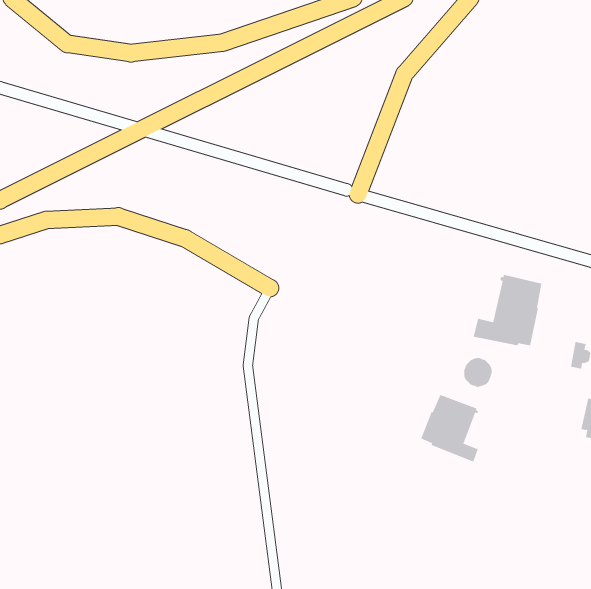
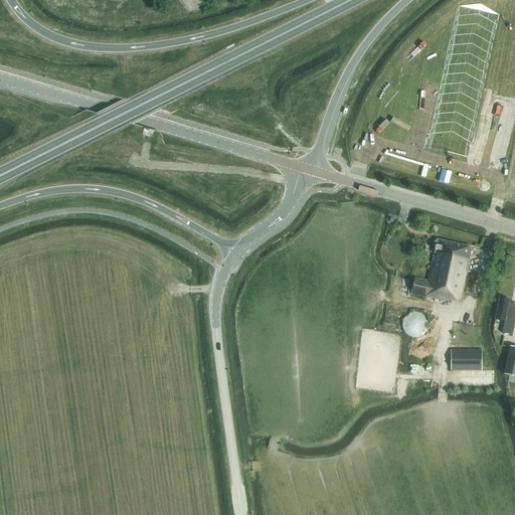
building: [420,394,479,463] -> none
building: none -> [452,349,483,369]

